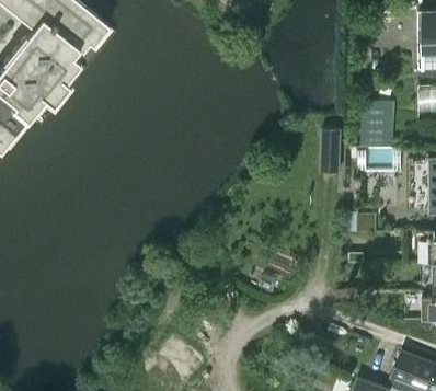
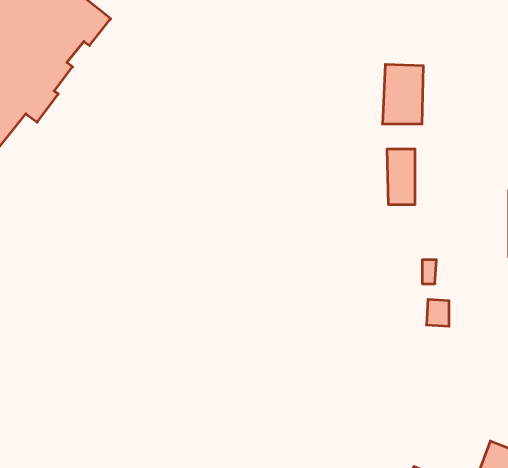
building: [362,99,393,145] -> [382,64,423,124]

